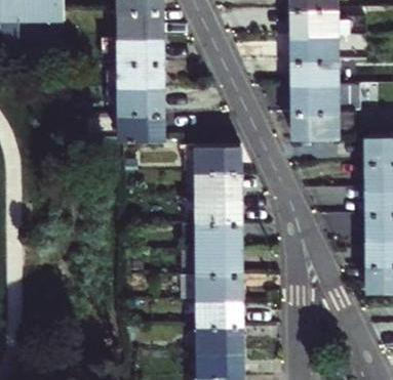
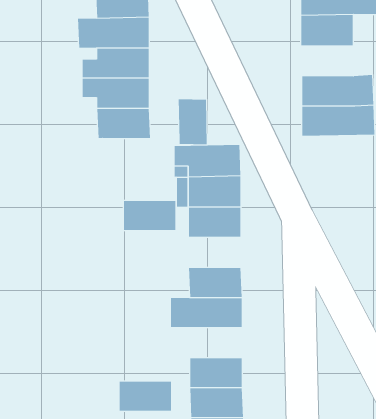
building: [291,60,337,86] -> none
building: none -> [178,98,207,145]
building: [196,223,241,249] -> [123,201,176,231]
building: [197,300,242,326] -> [119,381,172,411]

